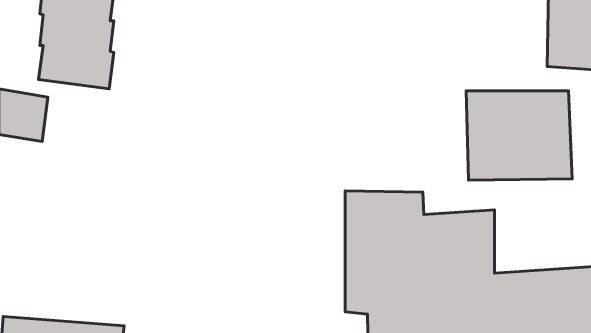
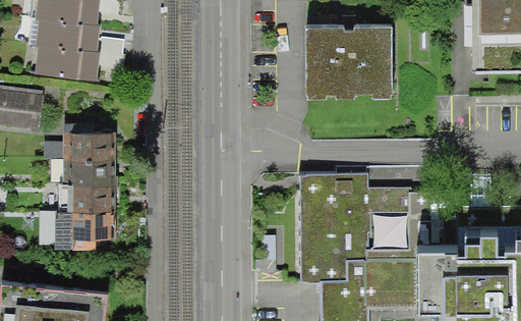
building: [466,91,572,180] -> [306,24,398,102]
building: none -> [55,133,115,250]

